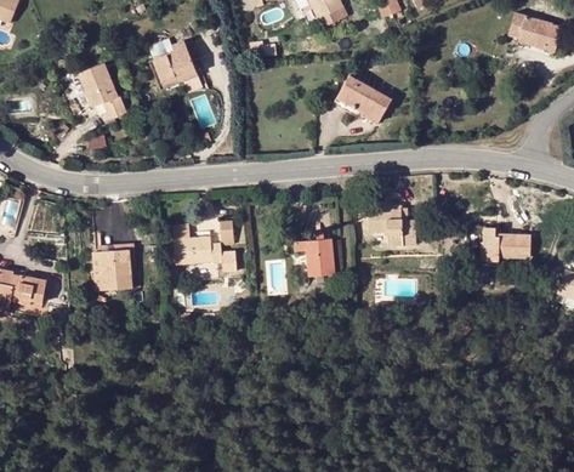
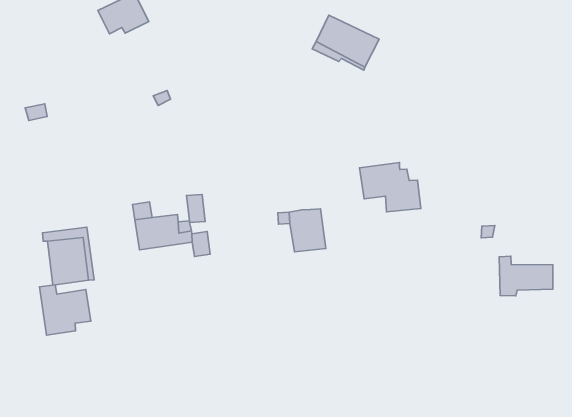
building: [78,63,125,119] -> none
building: [484,227,530,261] -> [499,256,553,296]
building: none -> [40,285,91,335]

